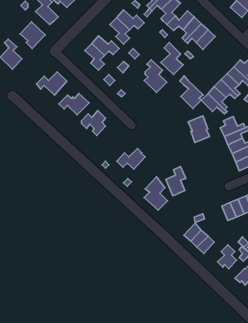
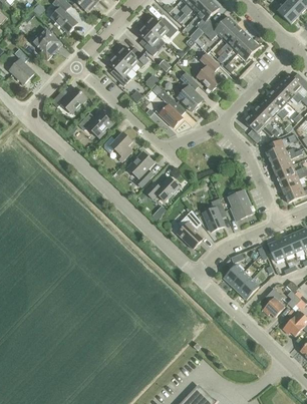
building: [180,76,203,109] -> [158,88,185,126]
building: [188,116,210,142] -> [227,188,252,220]
building: none -> [126,150,154,185]

